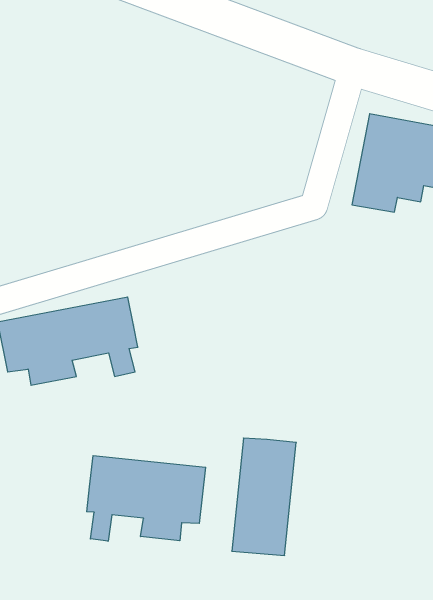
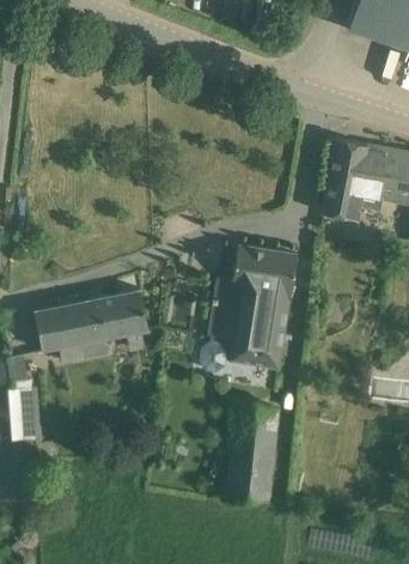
building: none -> [201,245,298,372]
building: [87,456,206,541] -> none

